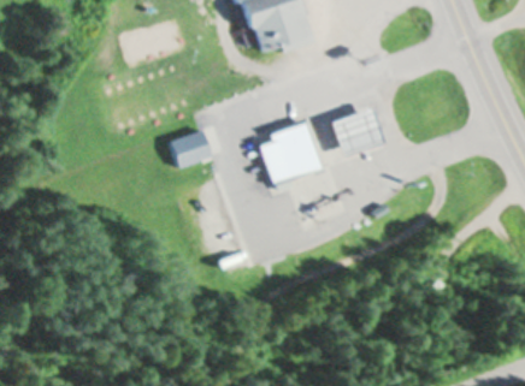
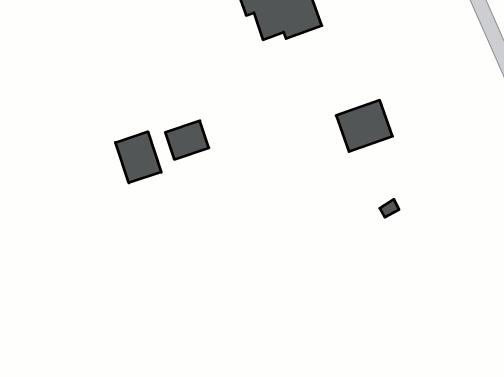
building: [259,121,319,189] -> none
building: none -> [115,132,161,183]

